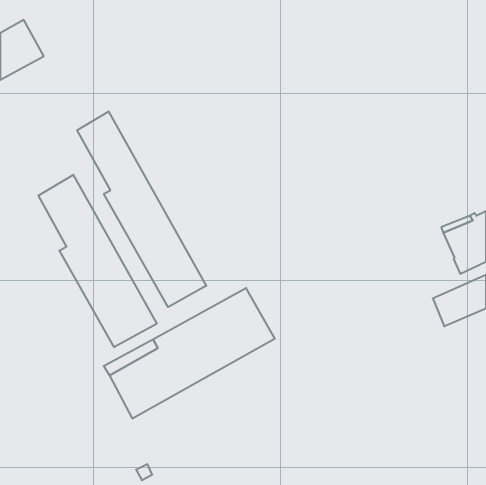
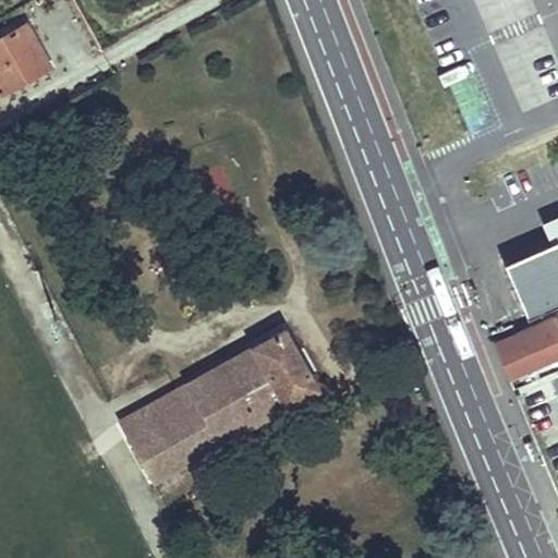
building: [77,111,206,307] -> none
building: [38,175,157,347] -> none

